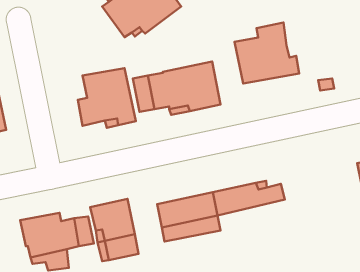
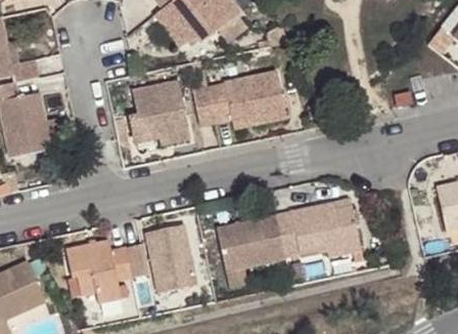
building: [234,23,299,84] -> none
building: none -> [282,223,361,257]

